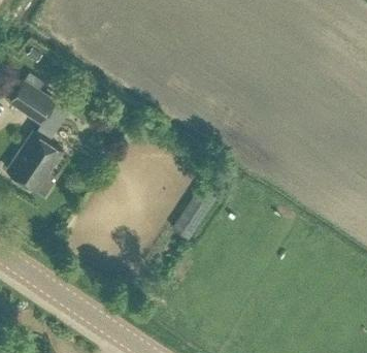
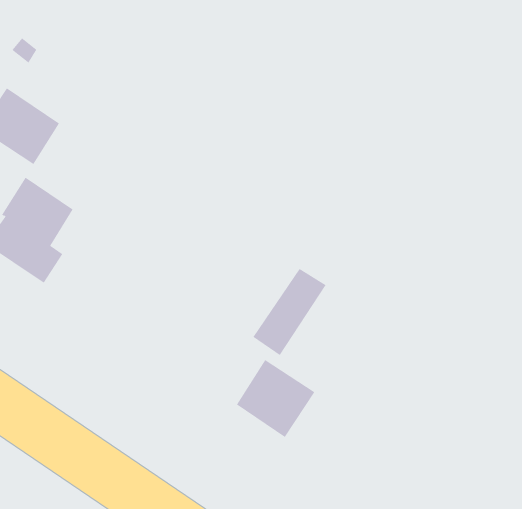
building: none -> [236,359,315,438]

